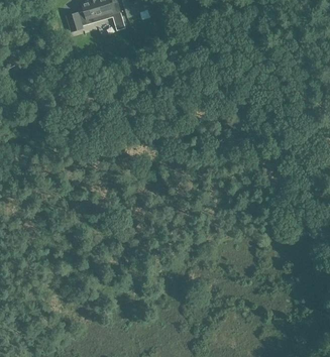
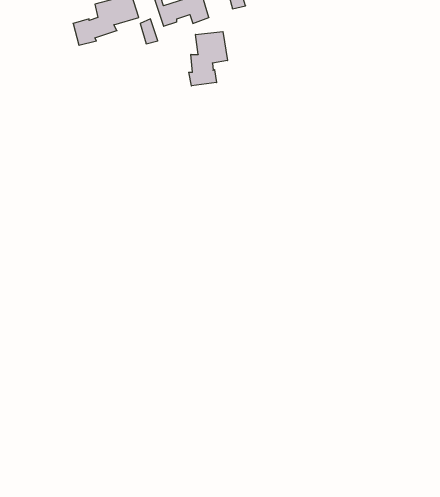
building: none -> [189,32,227,86]

